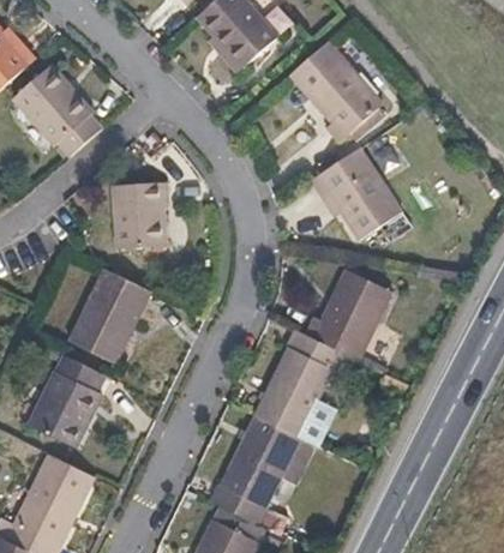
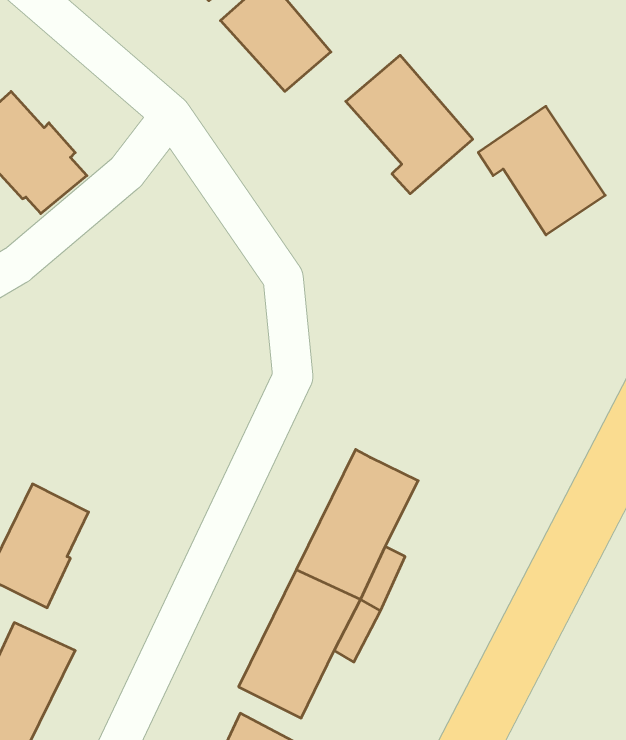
building: [308,148,401,241] -> [478,106,605,235]
building: [109,181,162,247] -> none
building: [68,268,149,363] -> none
building: [307,272,392,360] -> none

